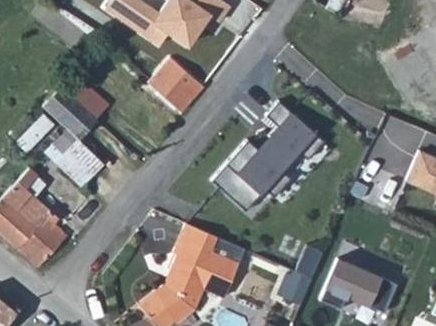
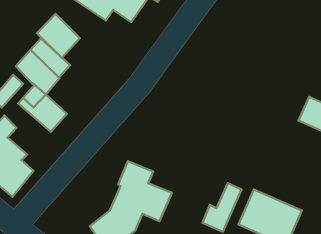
building: [151,55,204,109] -> [37,14,80,58]
building: [211,99,326,209] -> none

